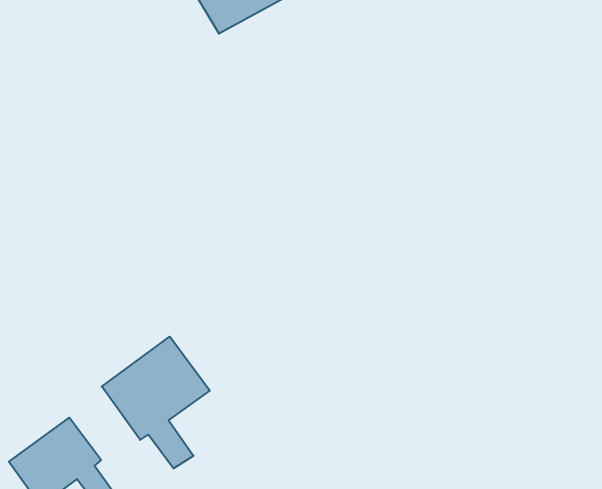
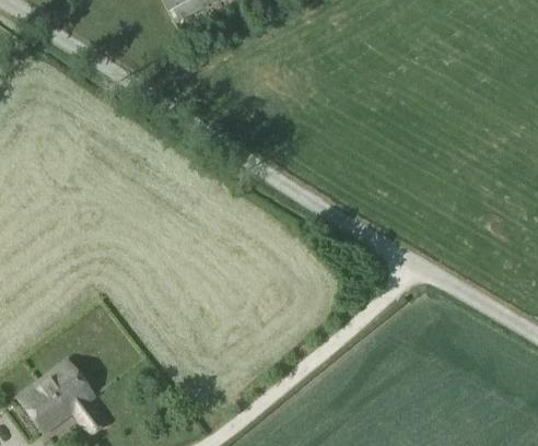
building: [102,337,210,468] -> none

